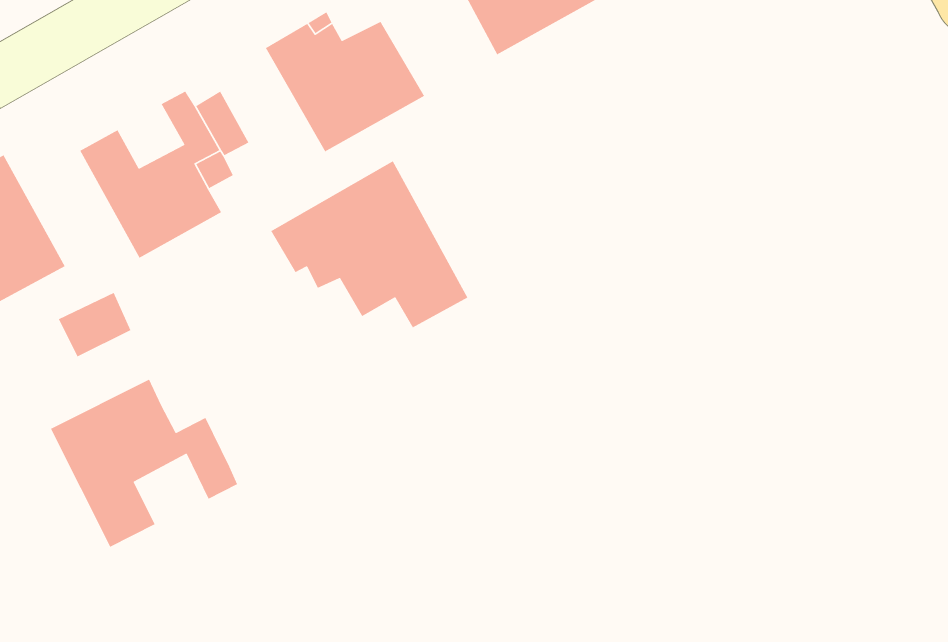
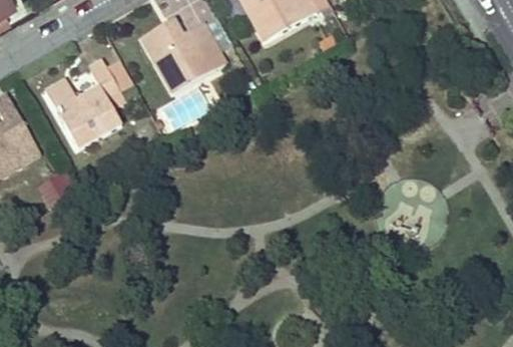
building: [270,160,468,329] -> none
building: [50,379,238,548] -> none

